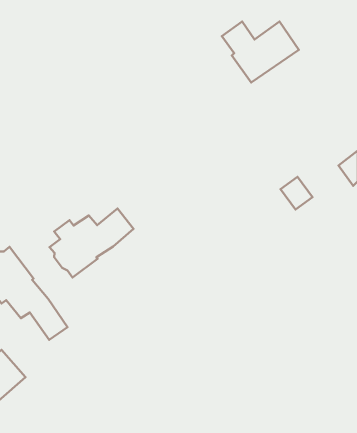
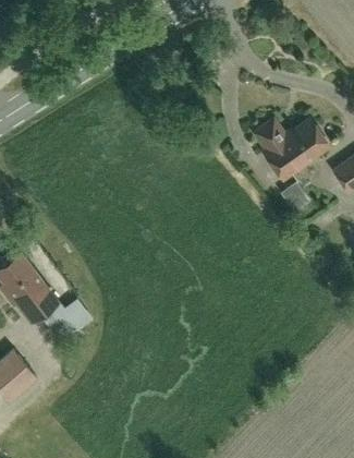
building: [222,21,299,83] -> [254,119,328,178]
building: [49,208,134,278] -> none

